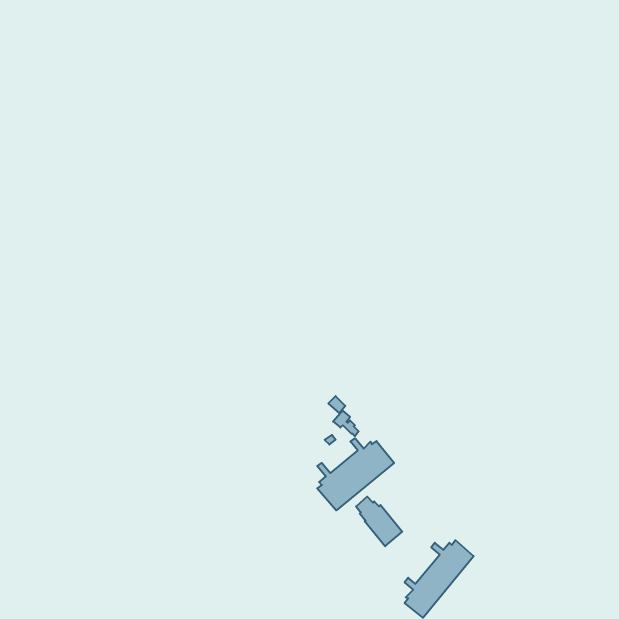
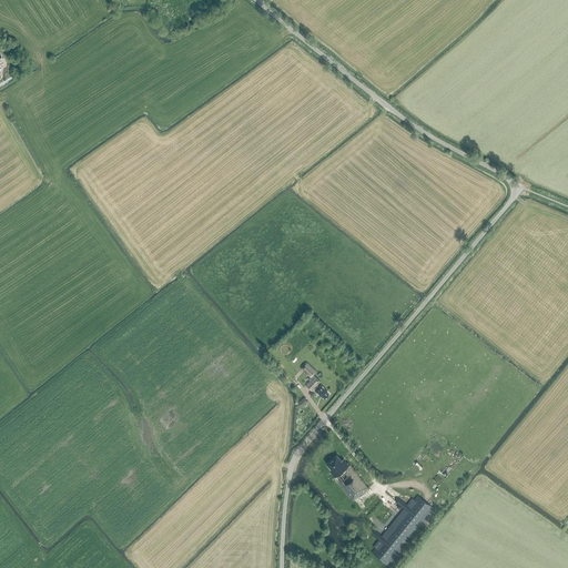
building: [317,438,394,510] -> none

